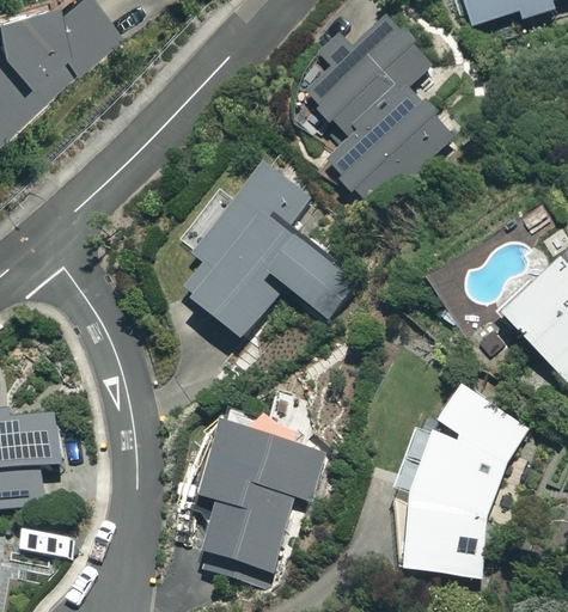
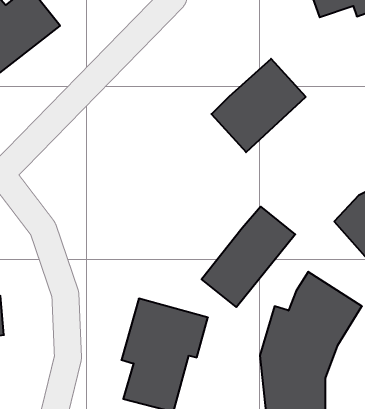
building: [311,22,429,136] -> none
building: [183,158,361,342] -> none
building: none -> [202,207,295,307]

